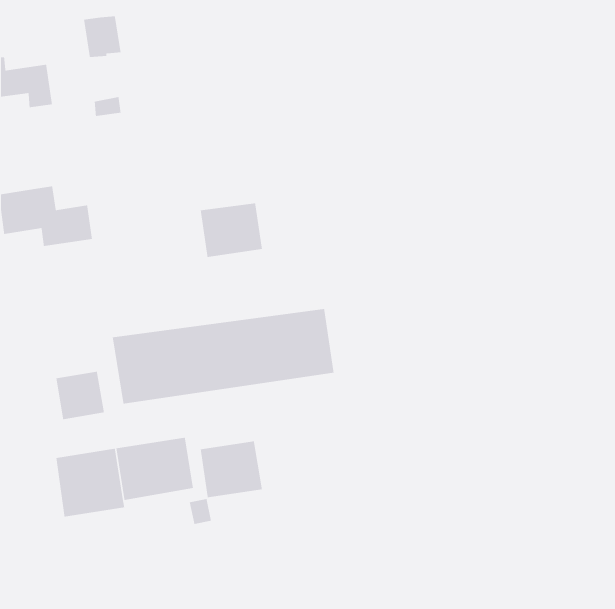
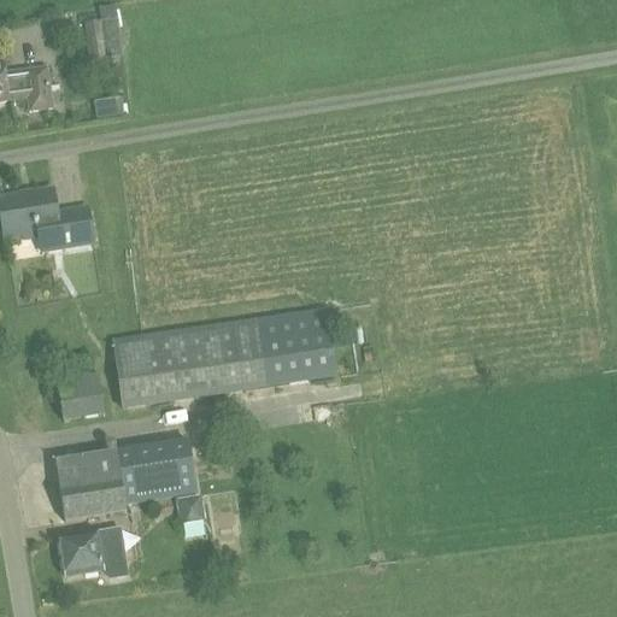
building: [200,202,263,258] -> none
building: [200,441,263,498] -> none
building: none -> [60,525,128,576]

